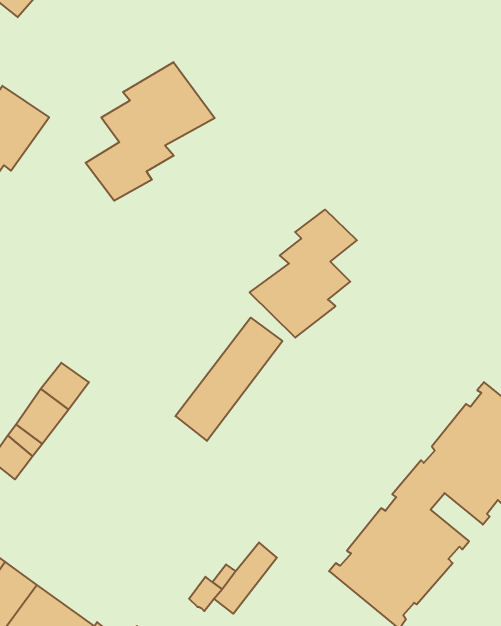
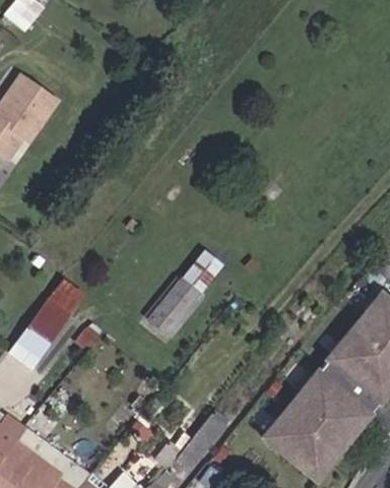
building: [86,62,215,201] -> none
building: [250,210,357,338] -> none

